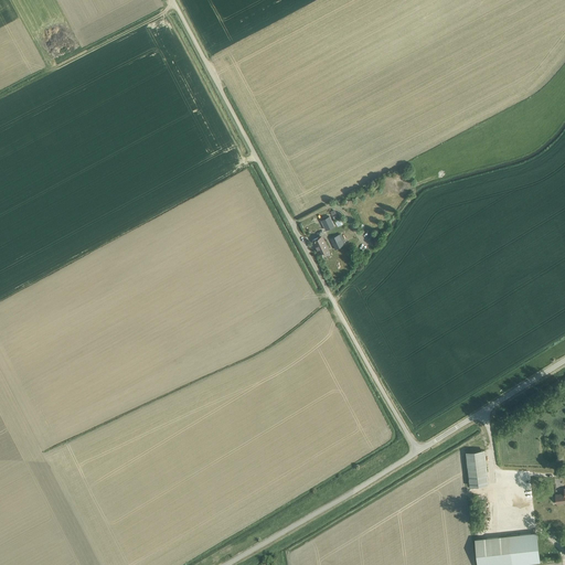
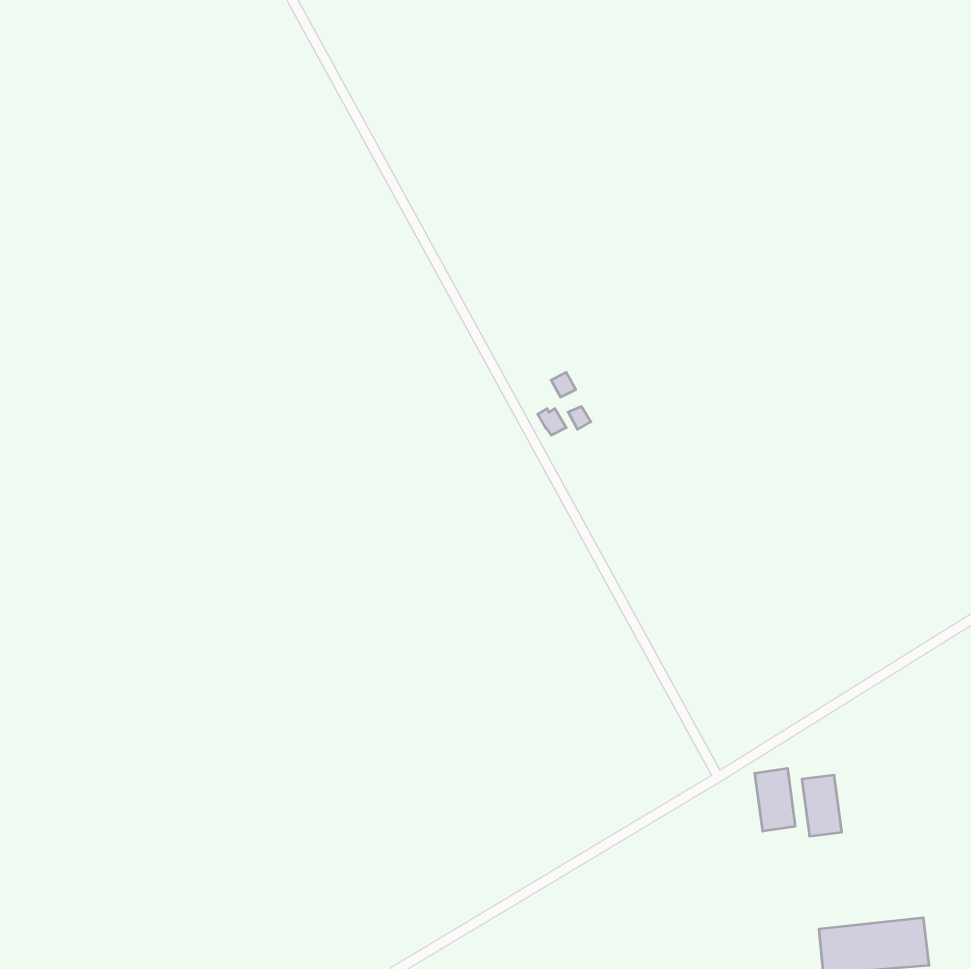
building: none -> [755,768,795,831]

